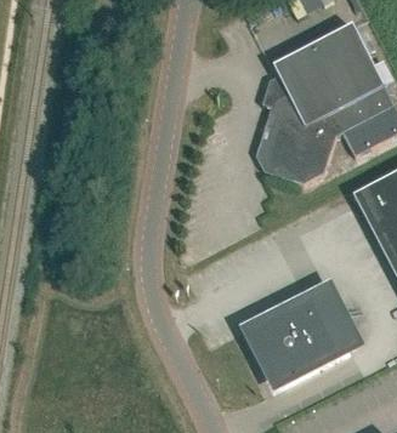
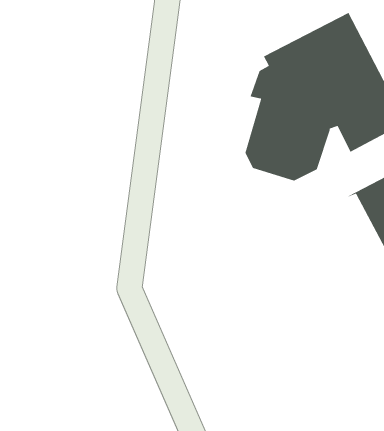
building: [251,292,352,381] -> none

